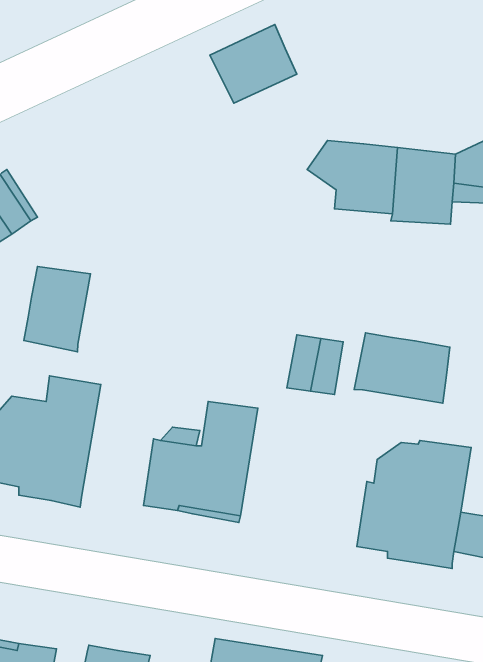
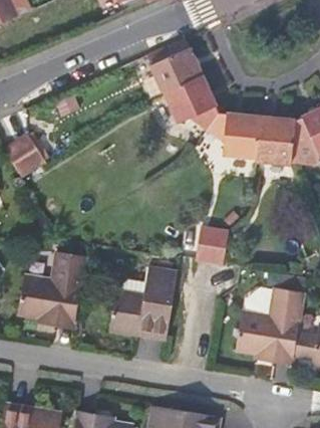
building: none -> [165,74,220,131]
building: [24,267,91,352] -> none
building: [354,333,450,403] -> none

